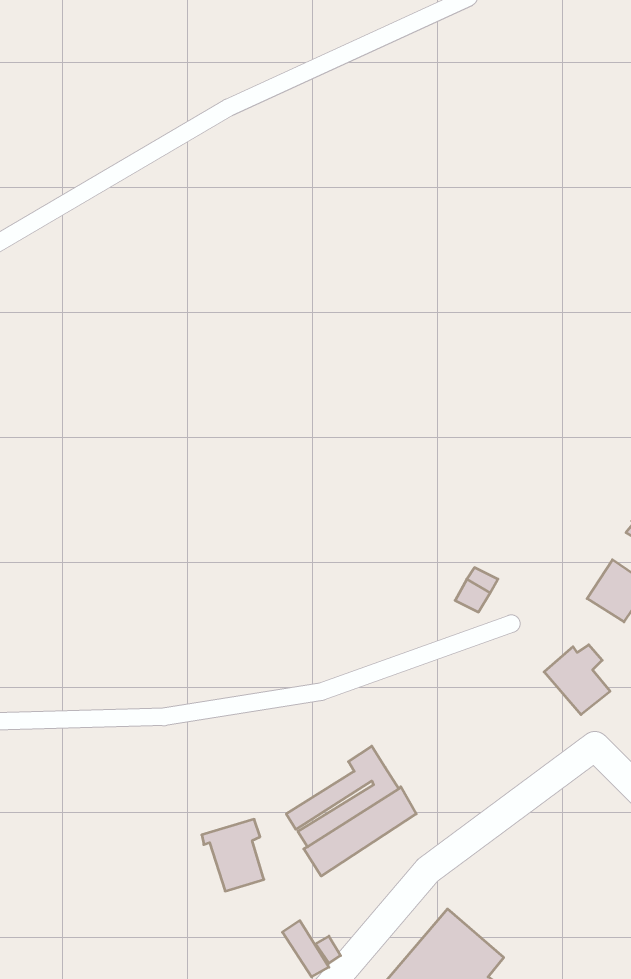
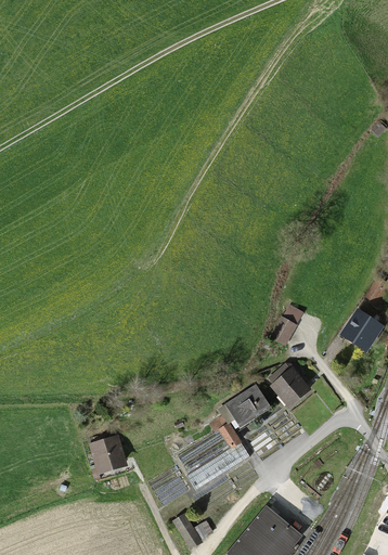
building: [544,645,610,715] -> [270,364,307,403]
building: none -> [220,387,270,430]
building: [202,819,264,891] -> [89,430,124,470]

